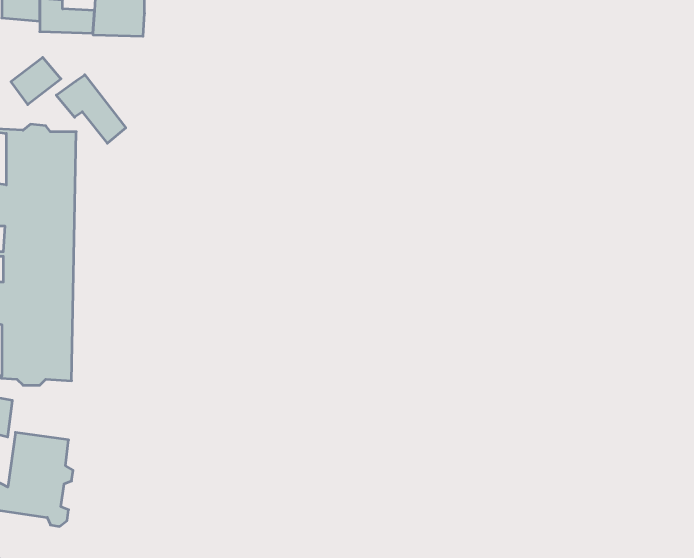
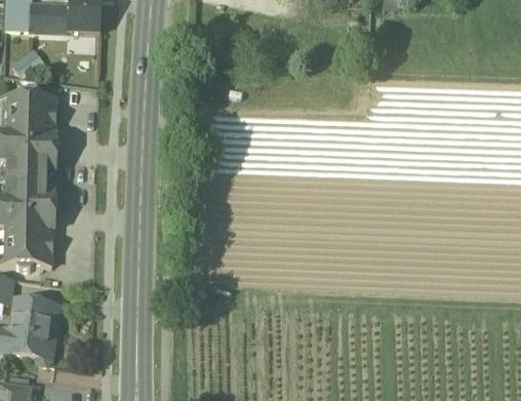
building: [56,75,126,143] -> none

